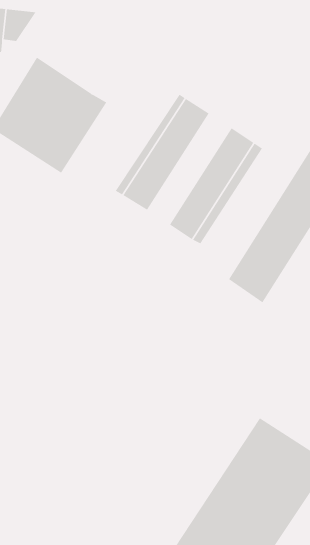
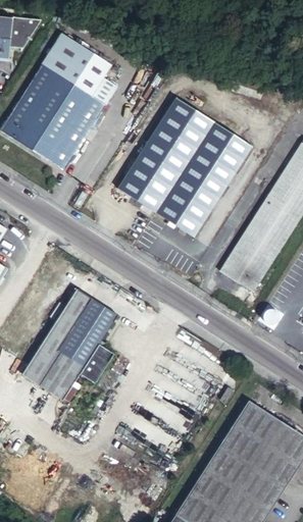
building: none -> [41,31,112,97]
building: none -> [145,115,223,219]
building: none -> [22,290,116,399]

